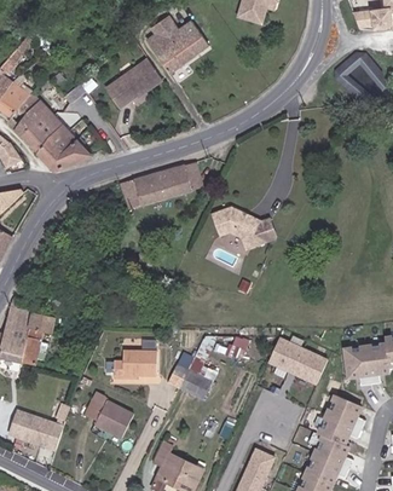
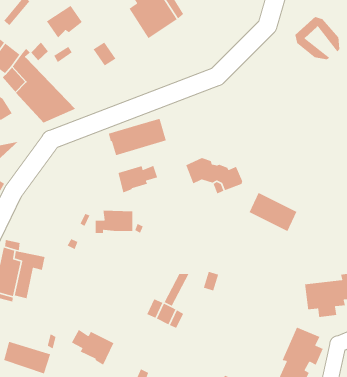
building: [122,62,163,99] -> [46,5,83,39]
building: none -> [117,165,158,193]
building: [270,334,324,379] -> [248,192,298,232]
building: [114,351,156,377] -> [95,210,133,234]

